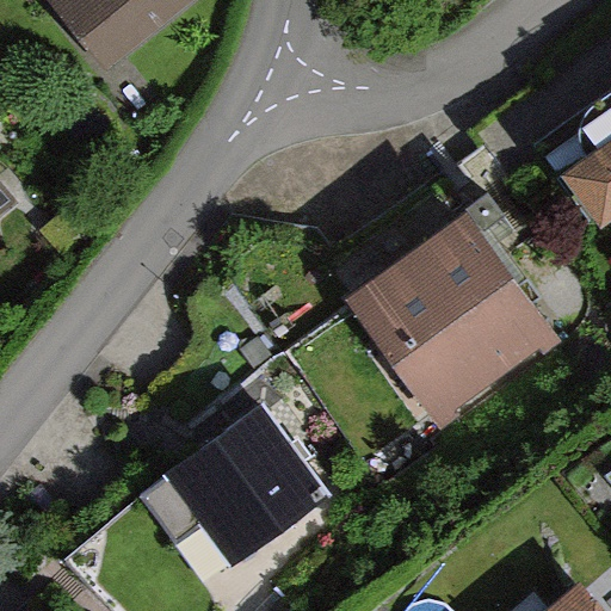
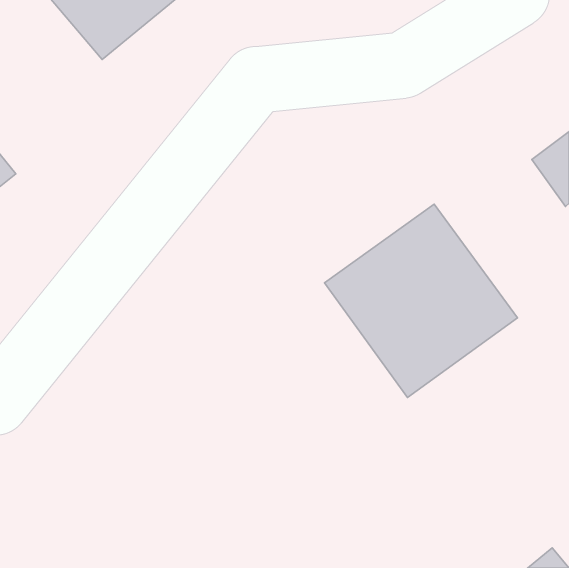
building: [141,405,329,569] -> none

